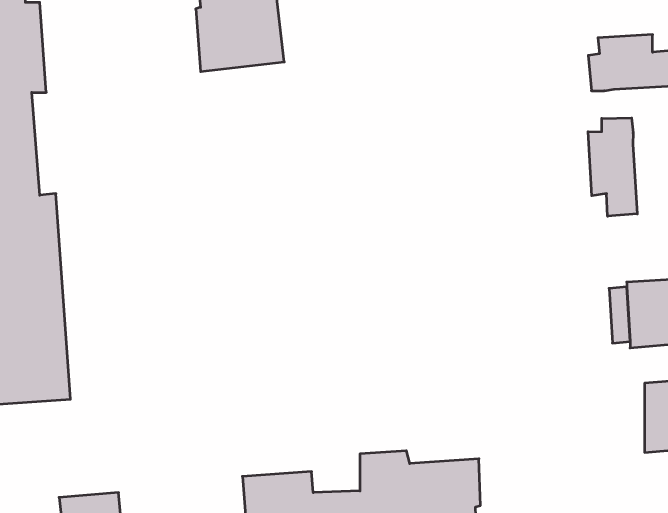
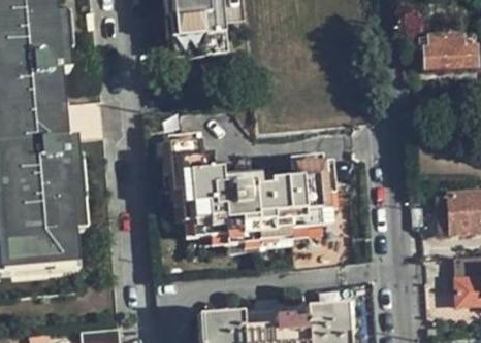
building: [588,118,637,216] -> none
building: none -> [164,141,329,244]

